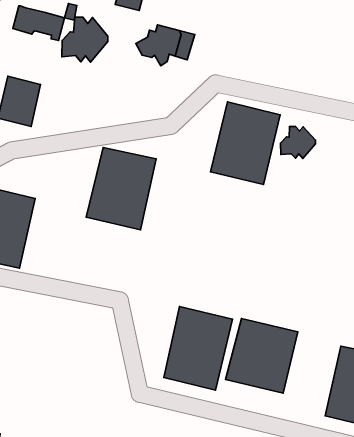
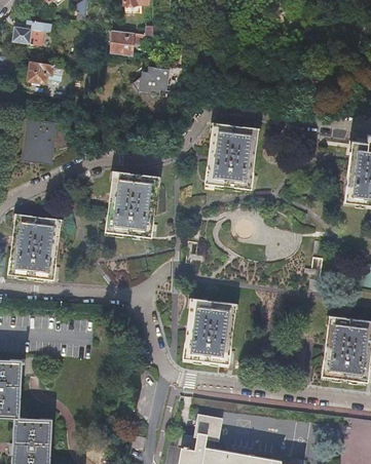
building: [62,17,108,62] -> none
building: [281,126,315,158] -> none
building: [225,319,298,393] -> none

